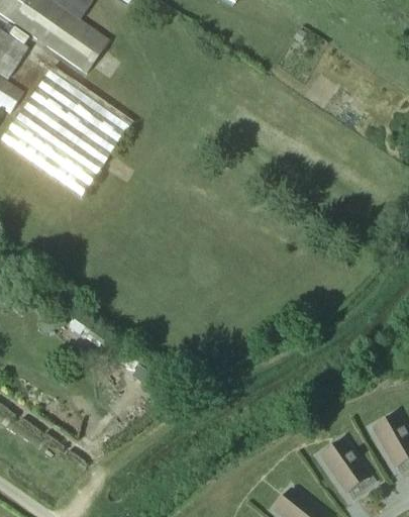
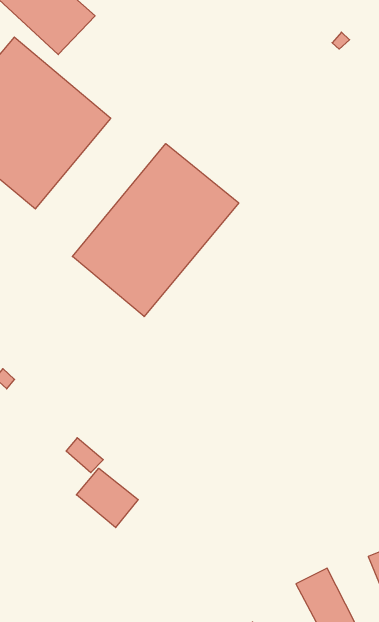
building: none -> [72,144,239,317]
building: none -> [76,468,138,528]

